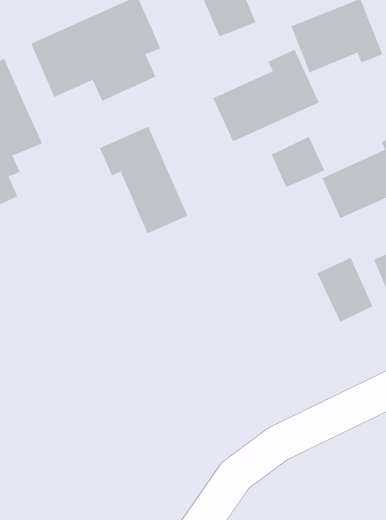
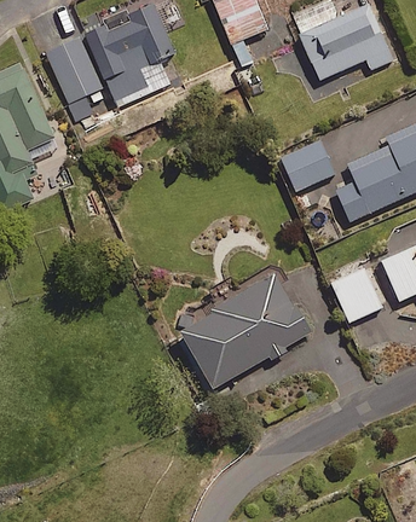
building: [212,49,320,142] -> none
building: [99,126,188,234] -> none
building: none -> [179,269,310,388]

